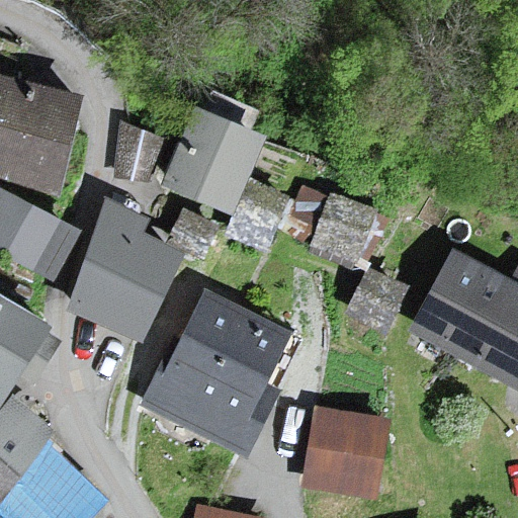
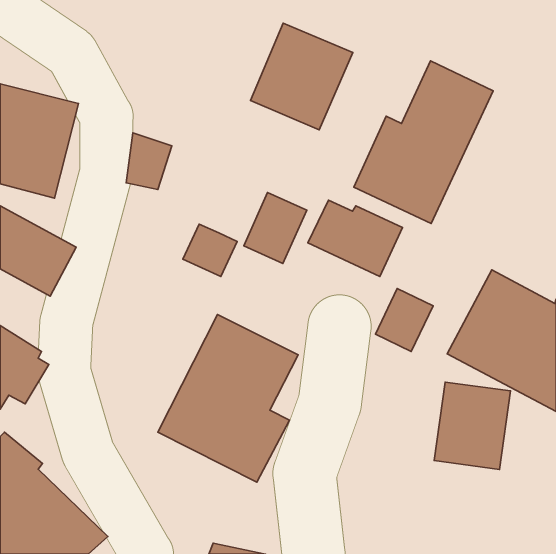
building: none -> [354,61,493,223]
building: [161,107,256,206] -> [251,23,353,130]
building: [74,198,180,339] -> none
building: [307,408,377,489] -> [434,382,510,469]

